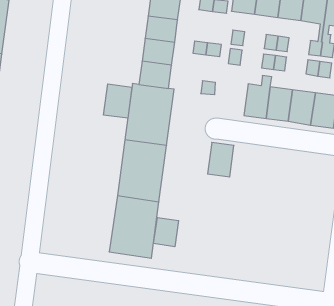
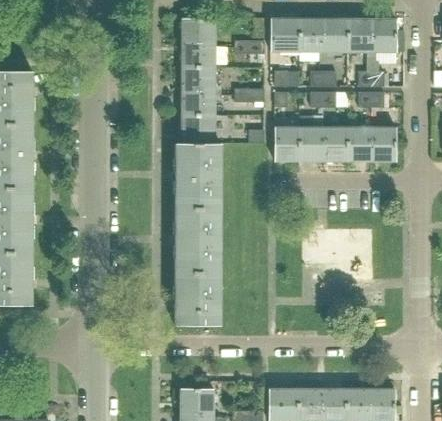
building: [104,84,132,118] -> none
building: [208,142,234,177] -> [274,127,298,161]
building: [153,217,179,247] -> none

